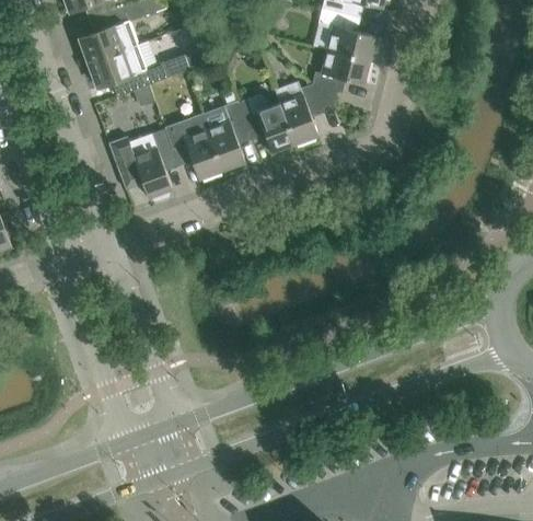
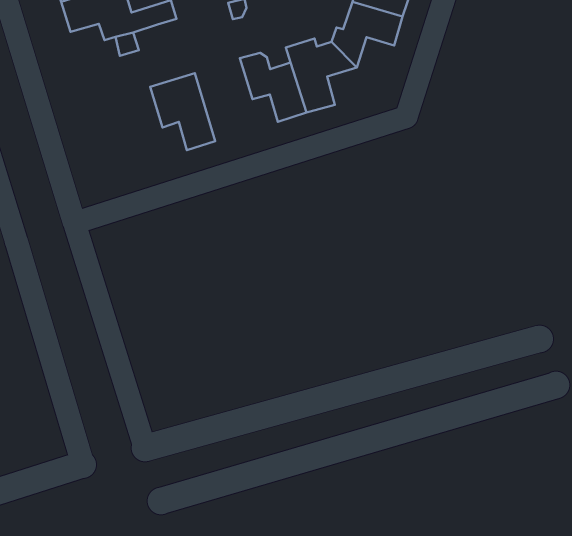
building: [201,102,250,171] -> none
building: [108,129,177,202] -> none

